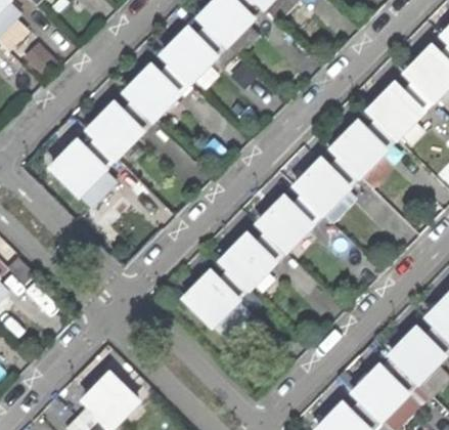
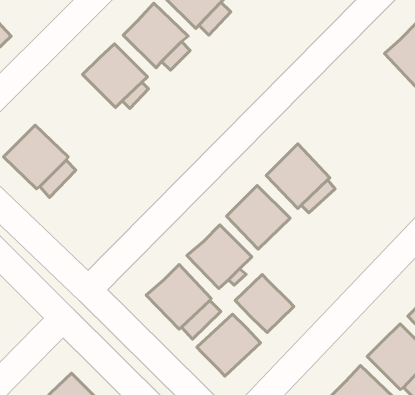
building: [365,80,424,139] -> none
building: [84,99,145,160] -> none
building: [328,118,389,177] -> none
building: none -> [235,275,294,333]
building: none -> [197,314,261,376]

